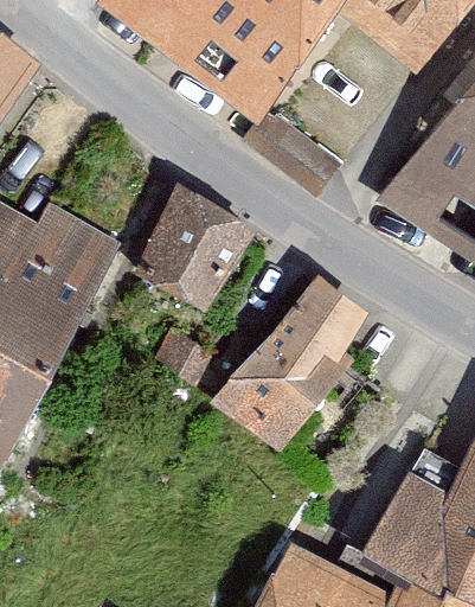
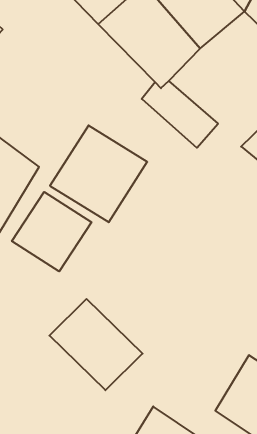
building: [216,270,374,453] -> none
building: none -> [12,192,91,271]
building: none -> [49,299,143,390]

